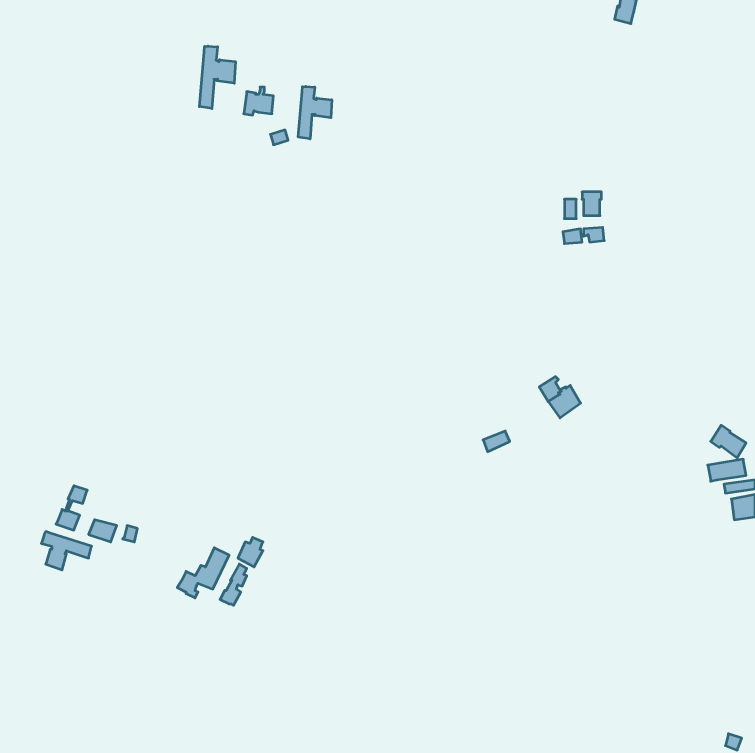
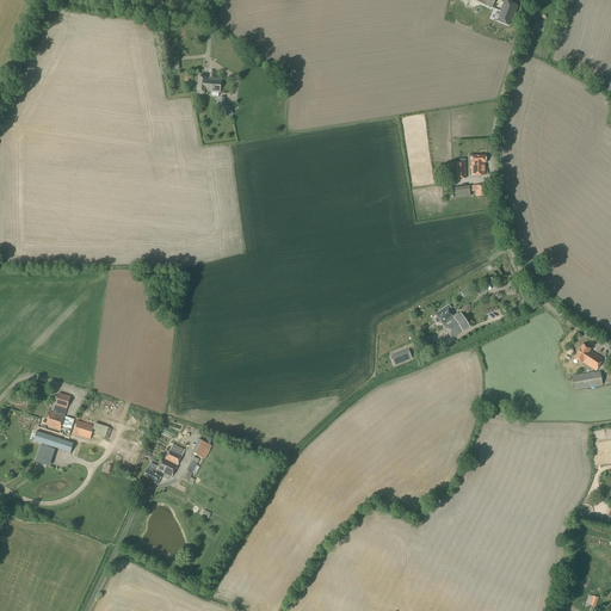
building: [199,46,235,109] -> none
building: [298,86,332,139] -> none

